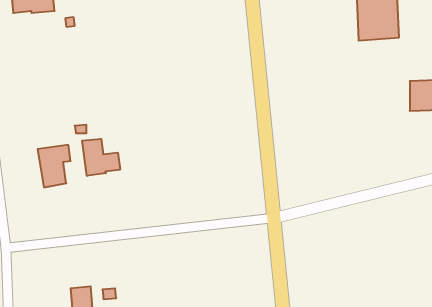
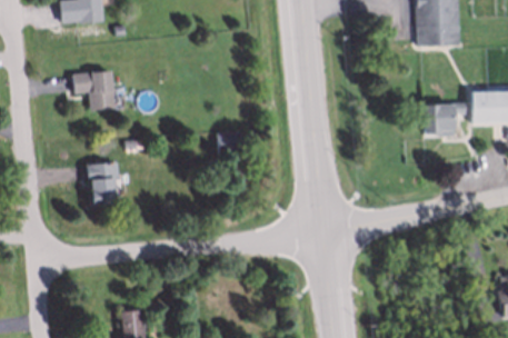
building: none -> [71,70,114,110]
building: none -> [420,101,462,136]
building: [82,139,120,176] -> none

